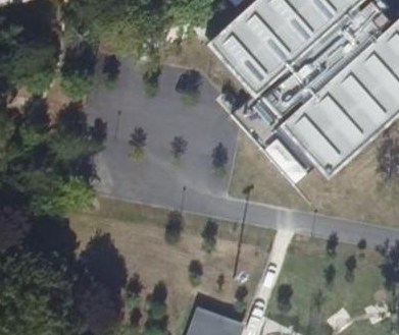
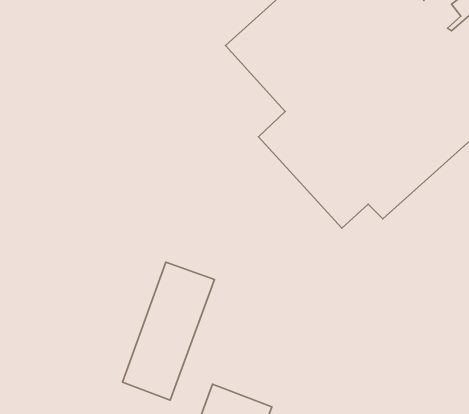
building: none -> [122,262,214,400]

